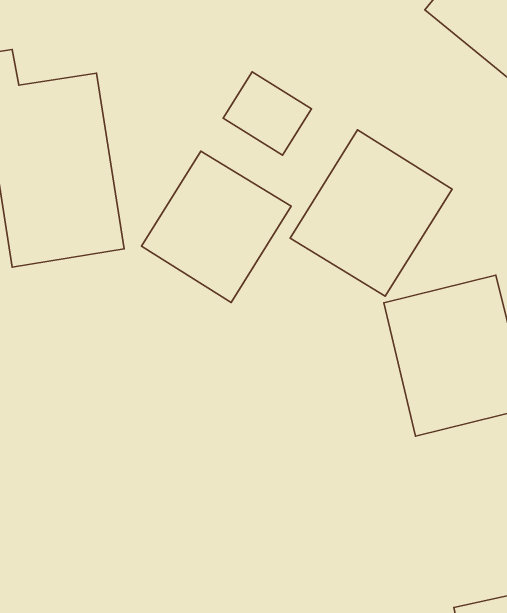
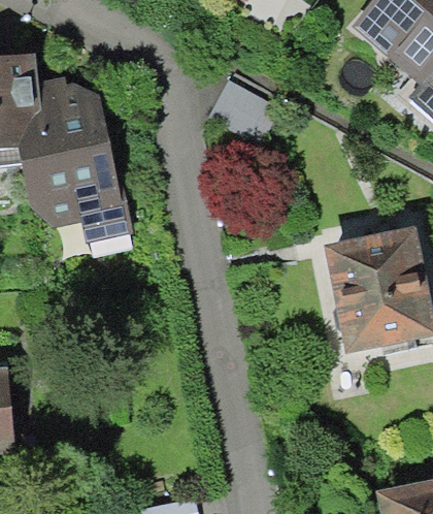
building: [290,130,452,296] -> none
building: [142,151,291,303] -> none

